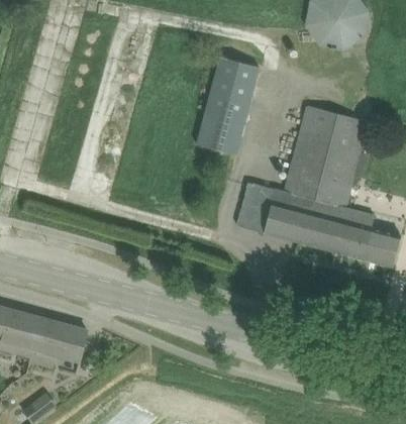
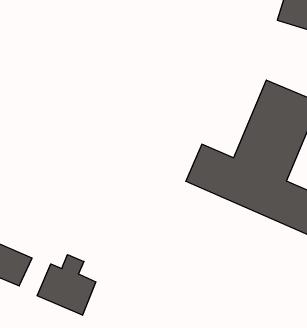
building: [196,55,261,154] -> none
building: none -> [37,255,96,315]

